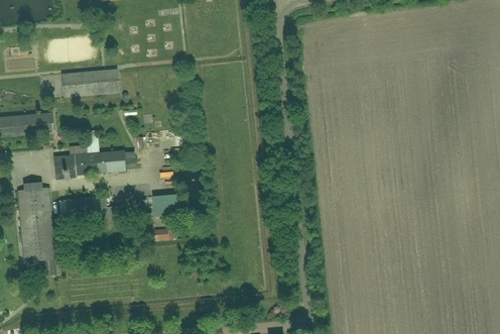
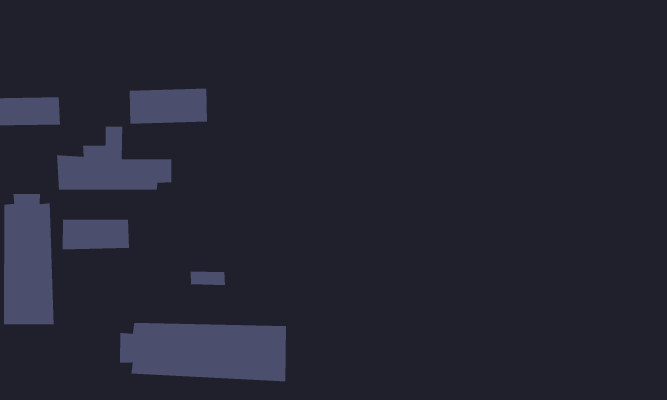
building: [59,69,117,98] -> [129,88,208,124]
building: [151,194,178,216] -> none
building: none -> [119,322,287,382]

